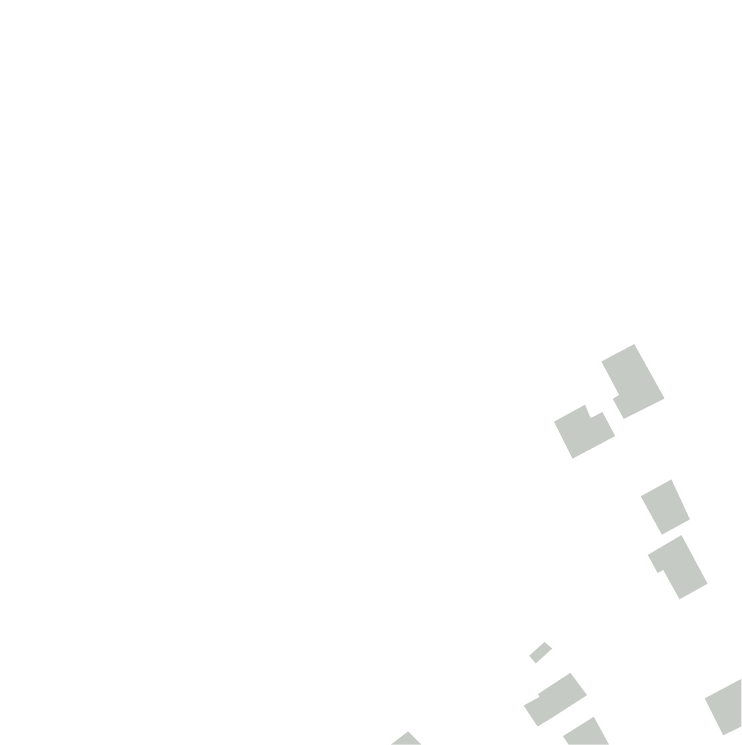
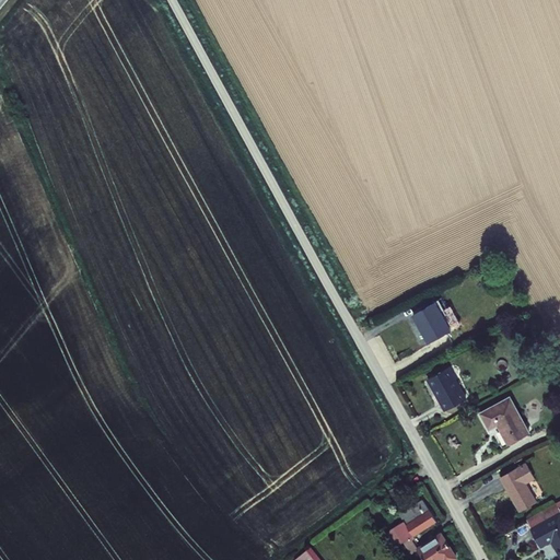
building: [600,343,665,420] -> none
building: [640,479,691,536] -> [427,370,465,412]
building: none -> [500,467,536,515]

